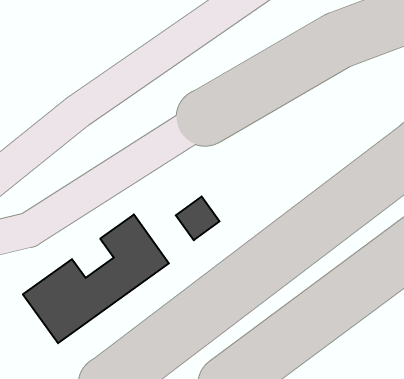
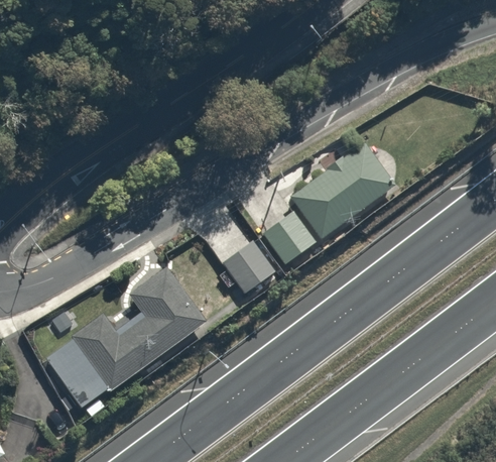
building: none -> [262,143,394,261]

